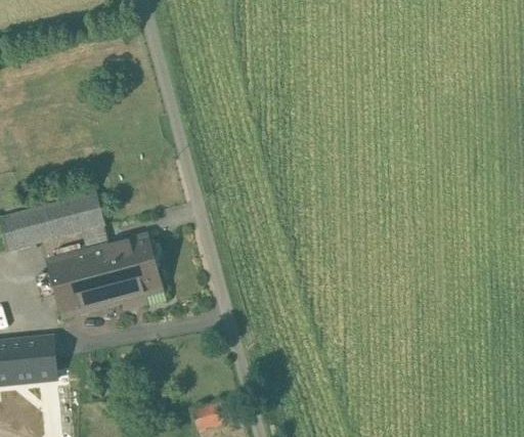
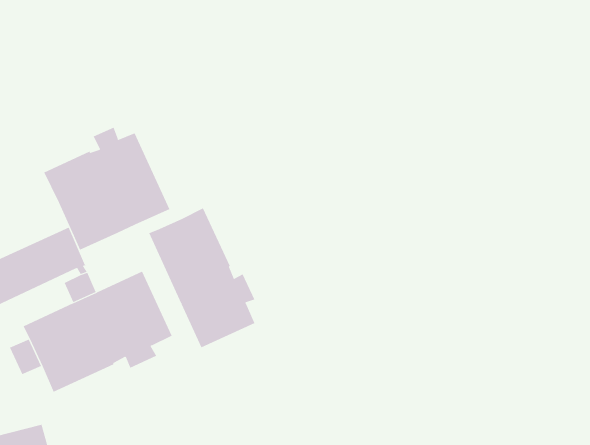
building: none -> [44,127,170,251]
building: none -> [149,207,255,348]

